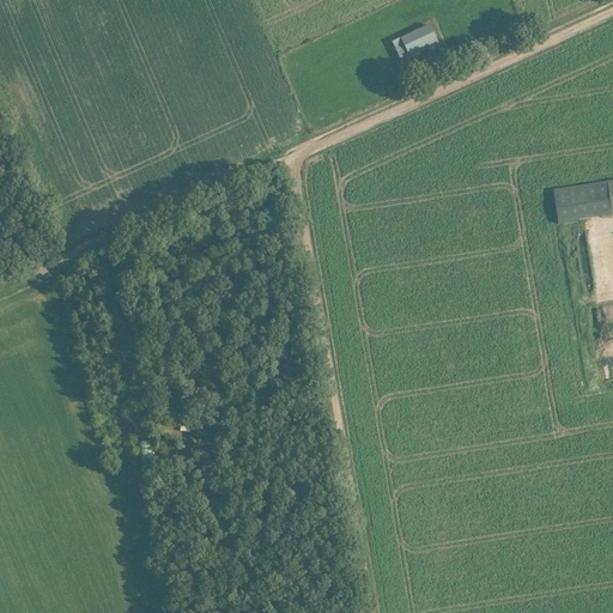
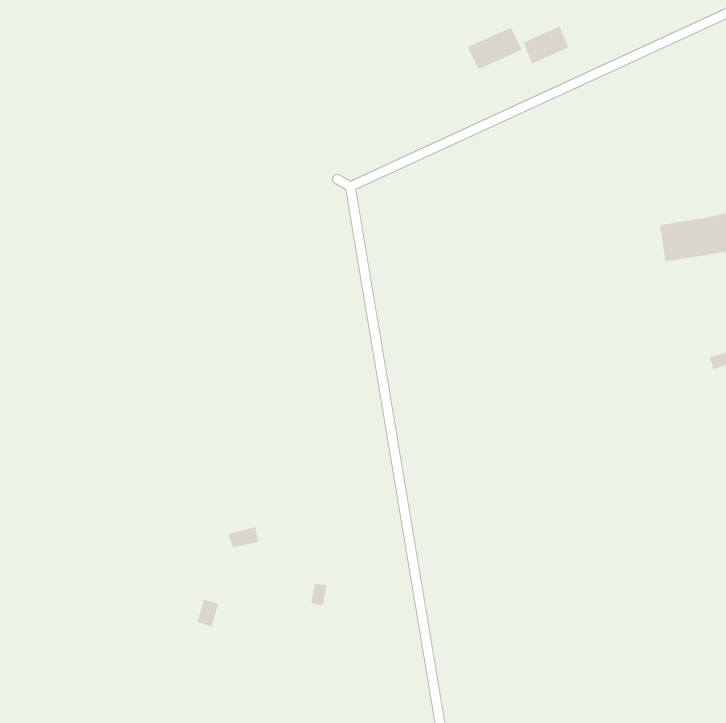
building: none -> [523,25,569,65]

